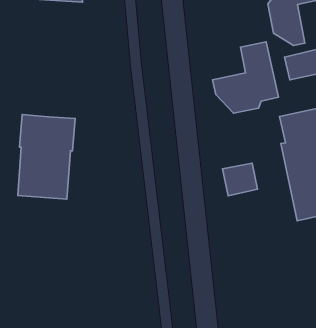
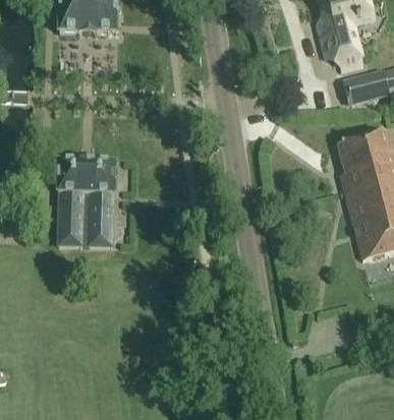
building: [213,42,279,113] -> none
building: [222,163,257,196] -> none

